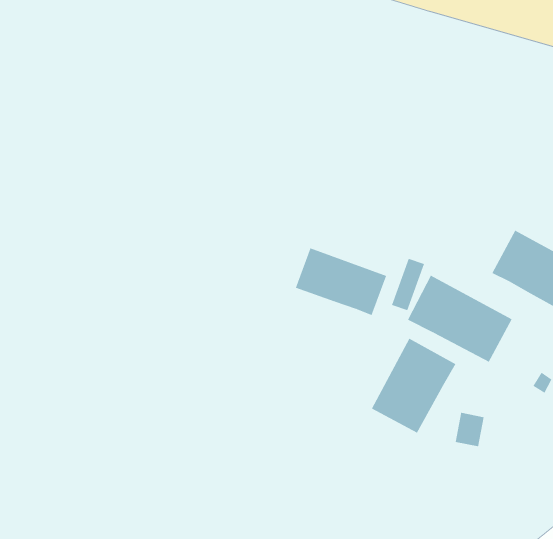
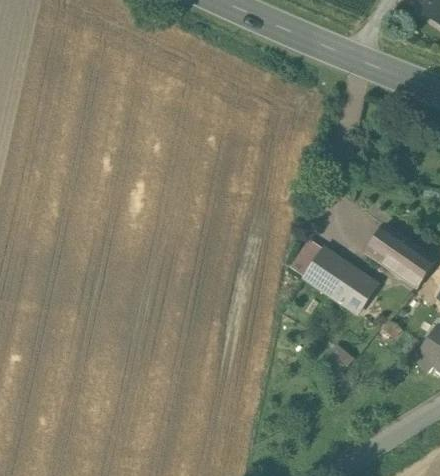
building: [295,248,387,316] -> none
building: [371,338,456,434] -> none

